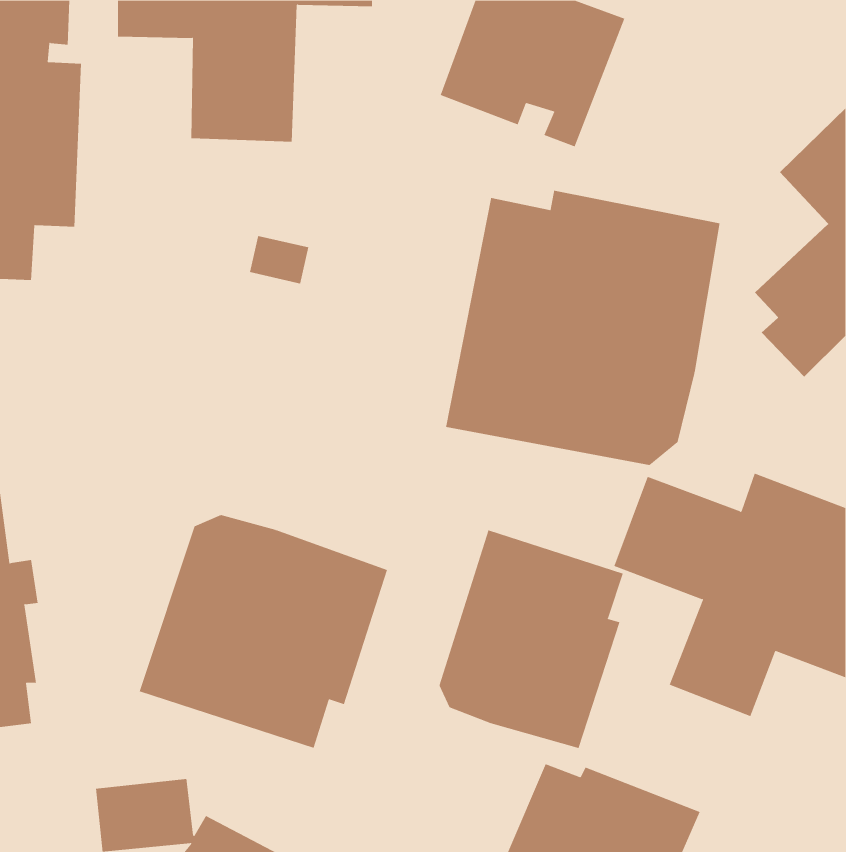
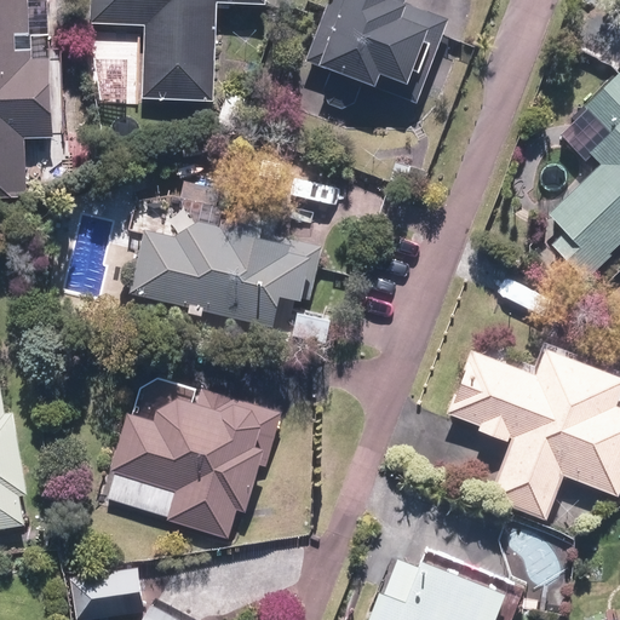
building: [446,190,720,466] -> none
building: none -> [128,206,321,325]
building: [439,529,624,749] -> none

